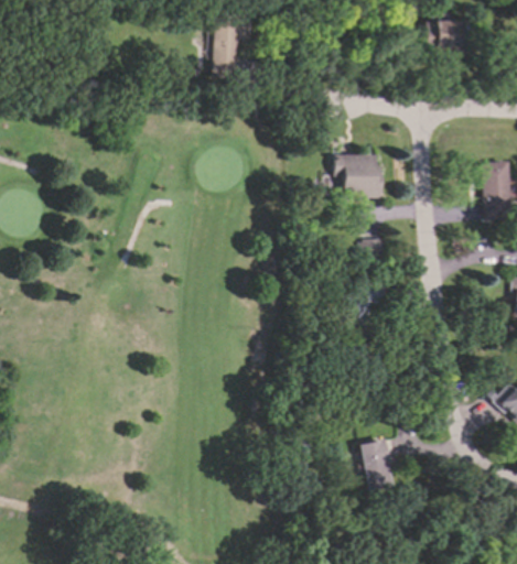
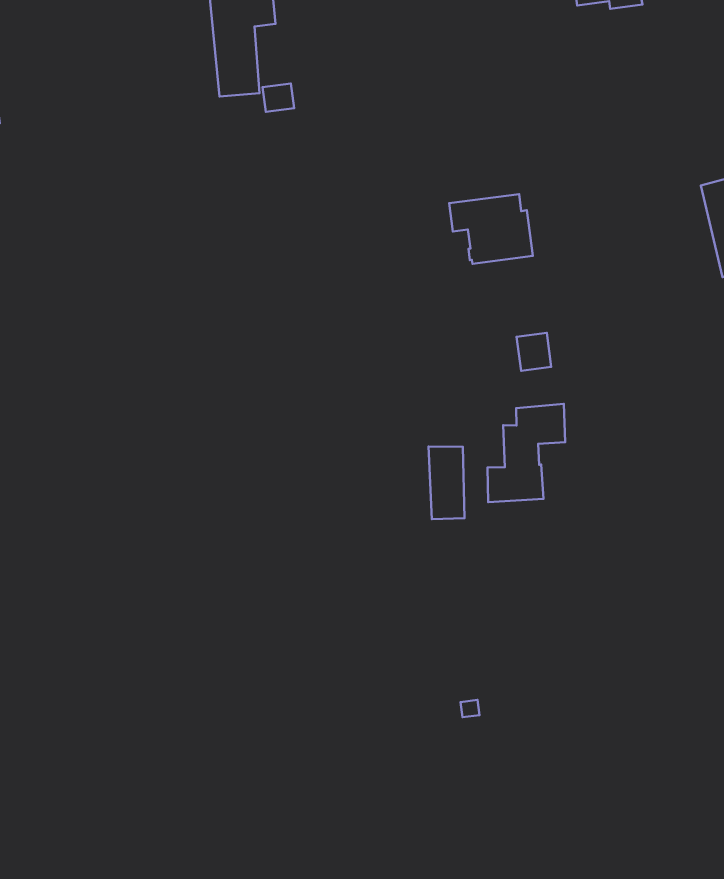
building: none -> [428,447,464,519]
building: [359,438,395,485] -> none

